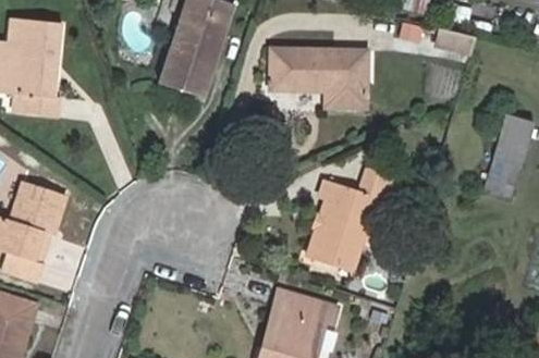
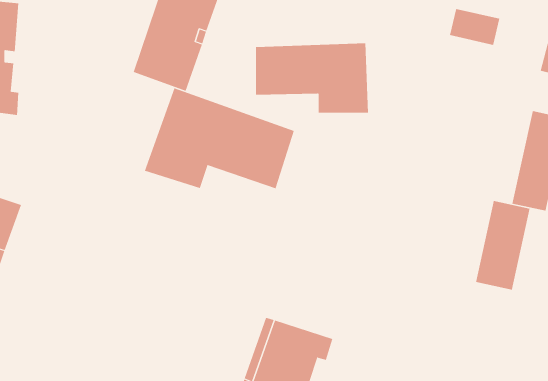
building: none -> [144,88,295,189]
building: [304,170,393,272] -> none
building: none -> [475,200,530,290]

